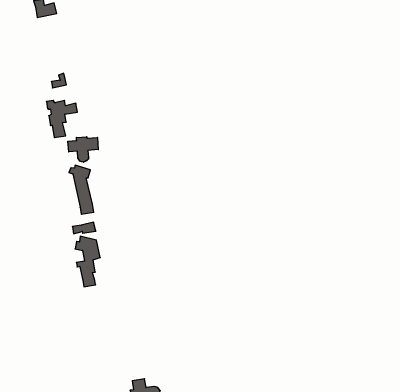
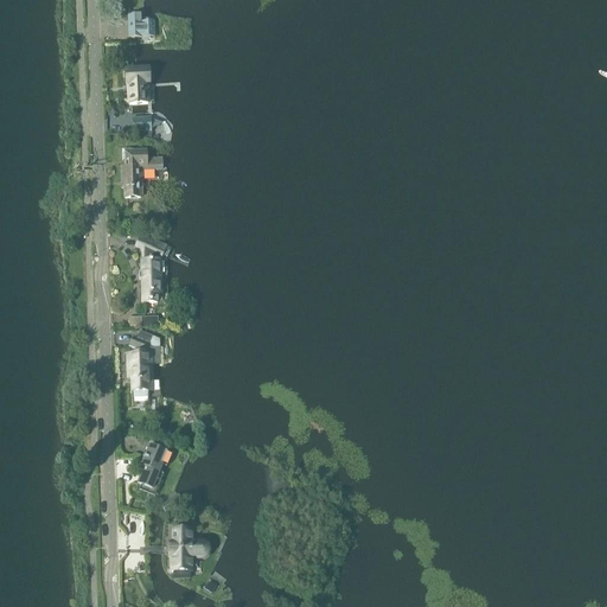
building: none -> [128,65,154,101]
building: [68,137,98,162] -> none
building: none -> [140,445,167,486]

